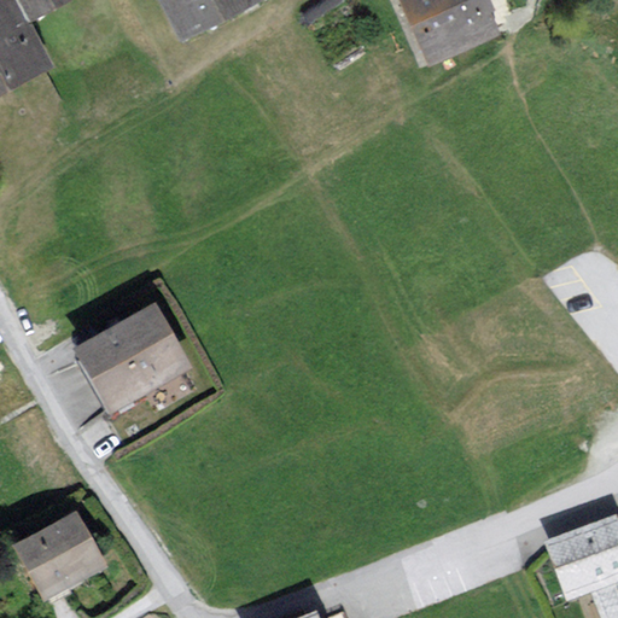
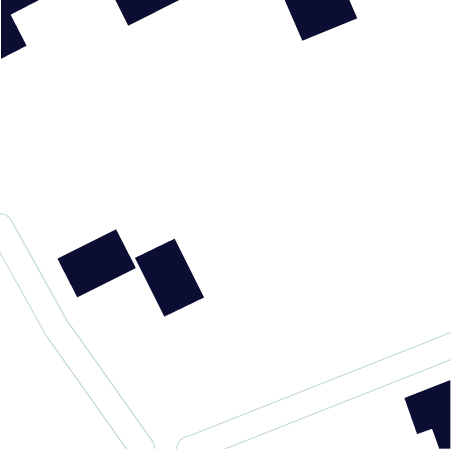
building: none -> [134,238,205,318]
building: [21,514,105,593] -> none

